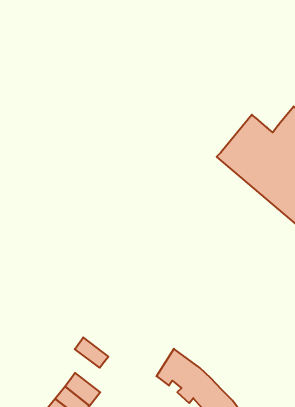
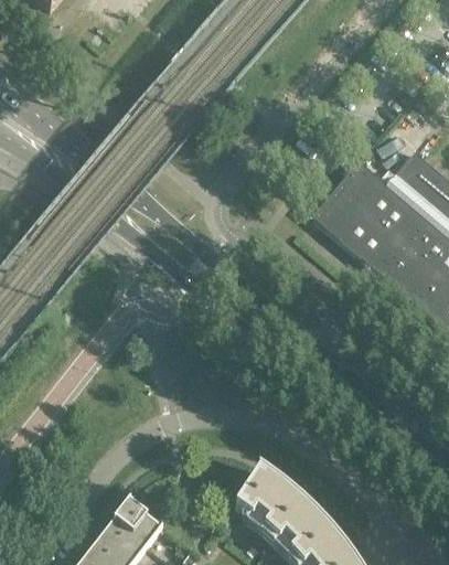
building: [75,337,108,368] -> none

